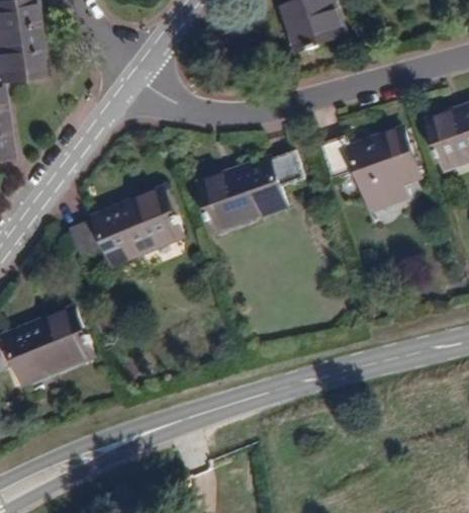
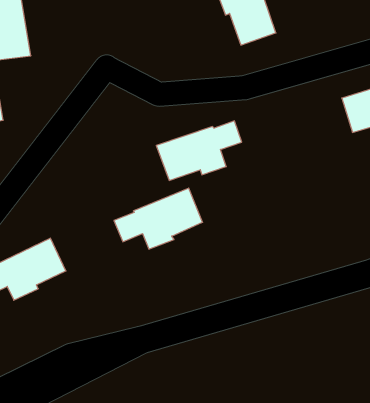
building: [324,132,423,210] -> none
building: [73,193,183,269] -> [114,188,203,249]

